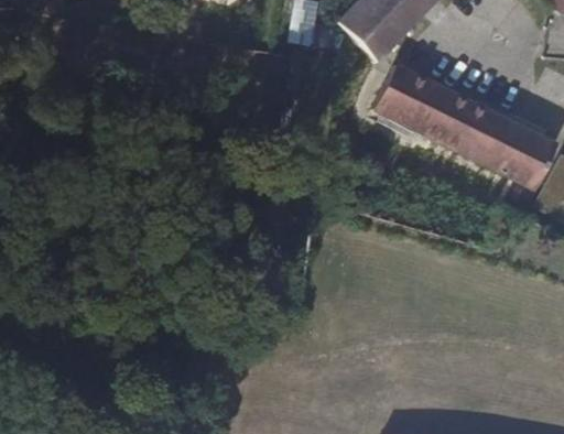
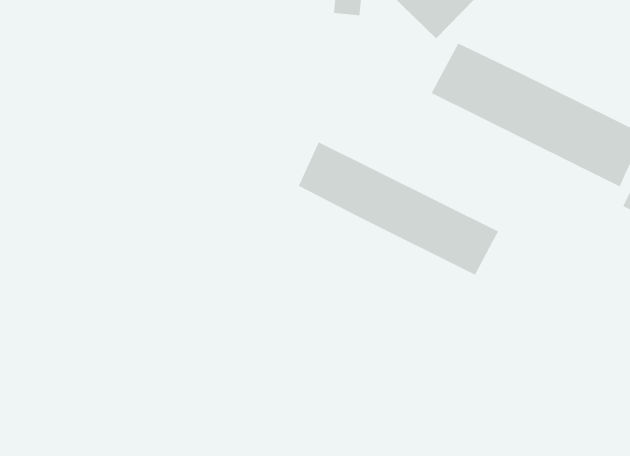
building: none -> [298,141,499,275]

